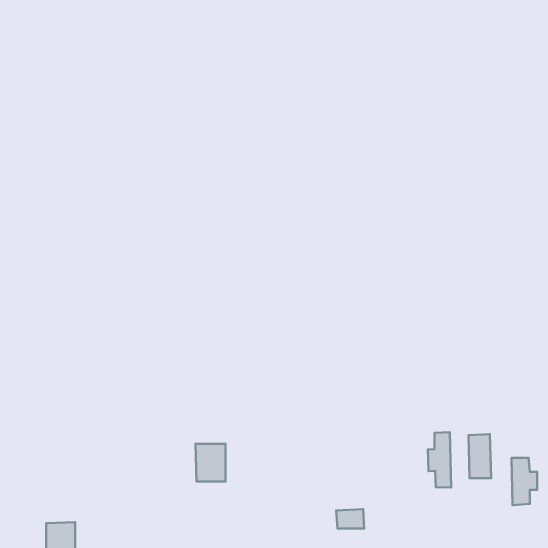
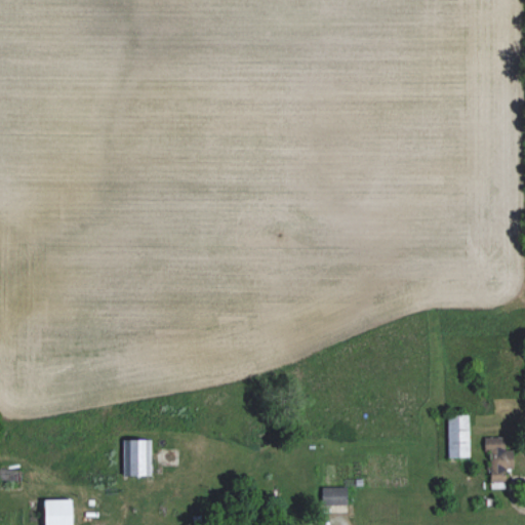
building: [428,432,451,487] -> none
building: [195,444,226,482] -> [123,440,152,476]

